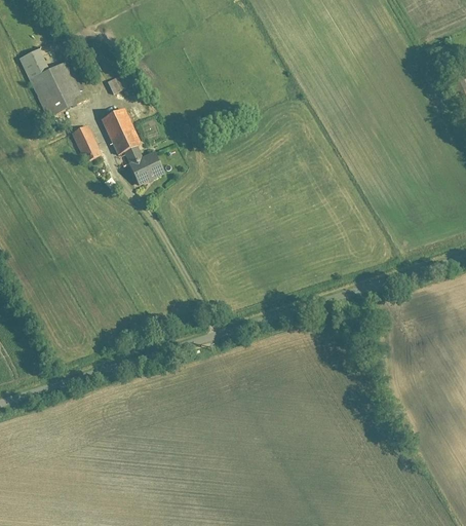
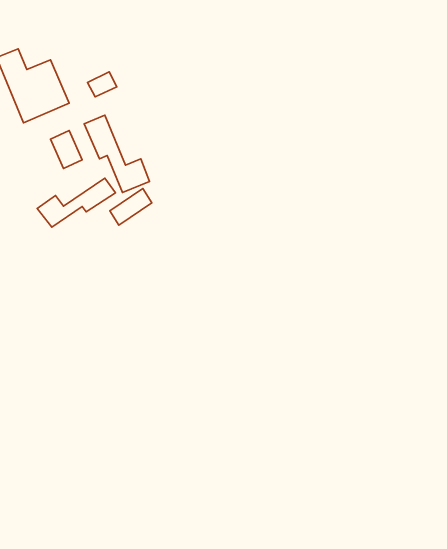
building: none -> [37,178,116,227]
building: none -> [110,188,152,225]

